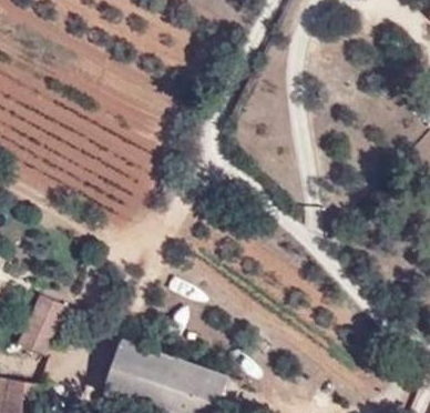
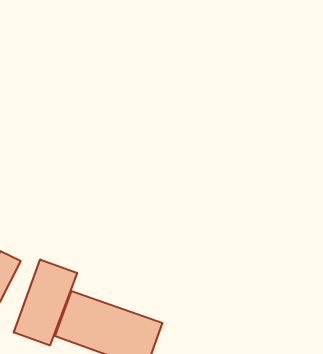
building: none -> [14,259,77,345]

